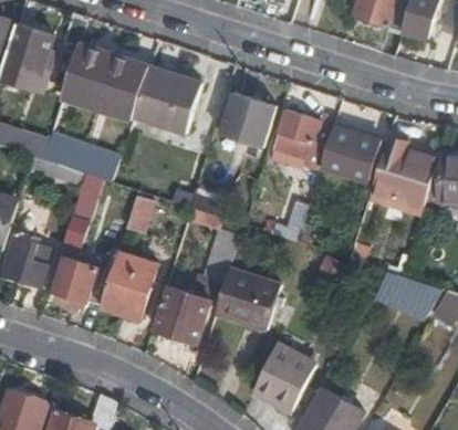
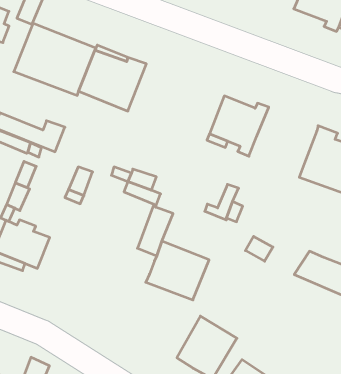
building: [221,93,274,146] -> none
building: [320,128,385,179] -> none
building: [98,250,157,319] -> none
building: [154,279,222,343] -> none

